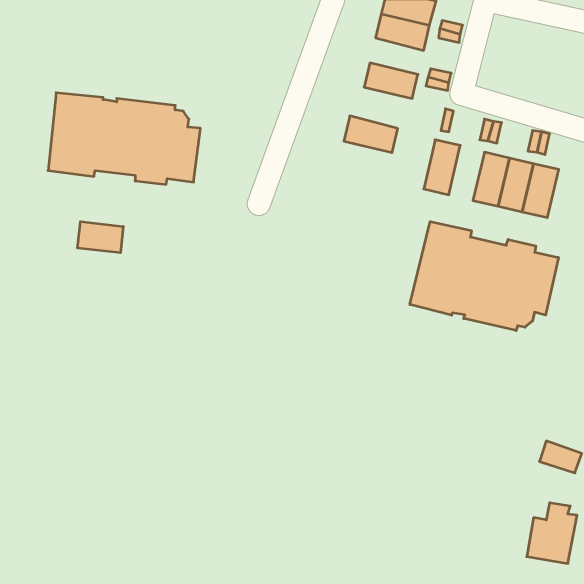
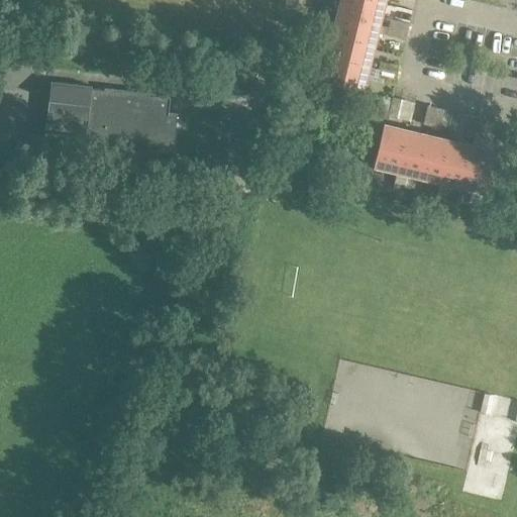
building: [344,116,398,153] -> [327,33,375,66]
building: none -> [397,128,428,177]
building: [410,222,558,331] -> none
building: [78,222,123,253] -> none

